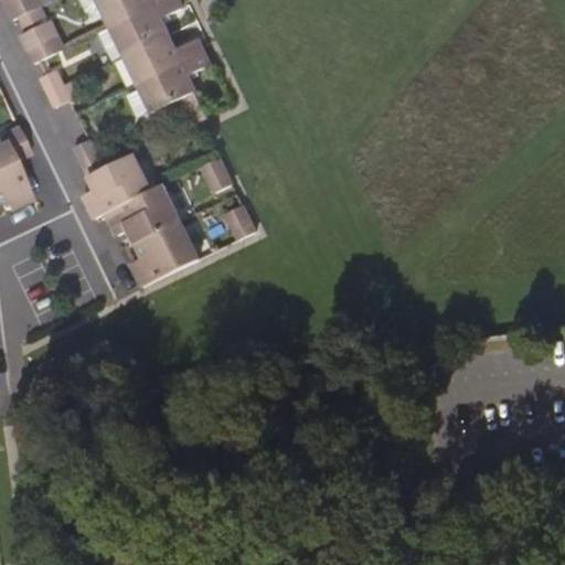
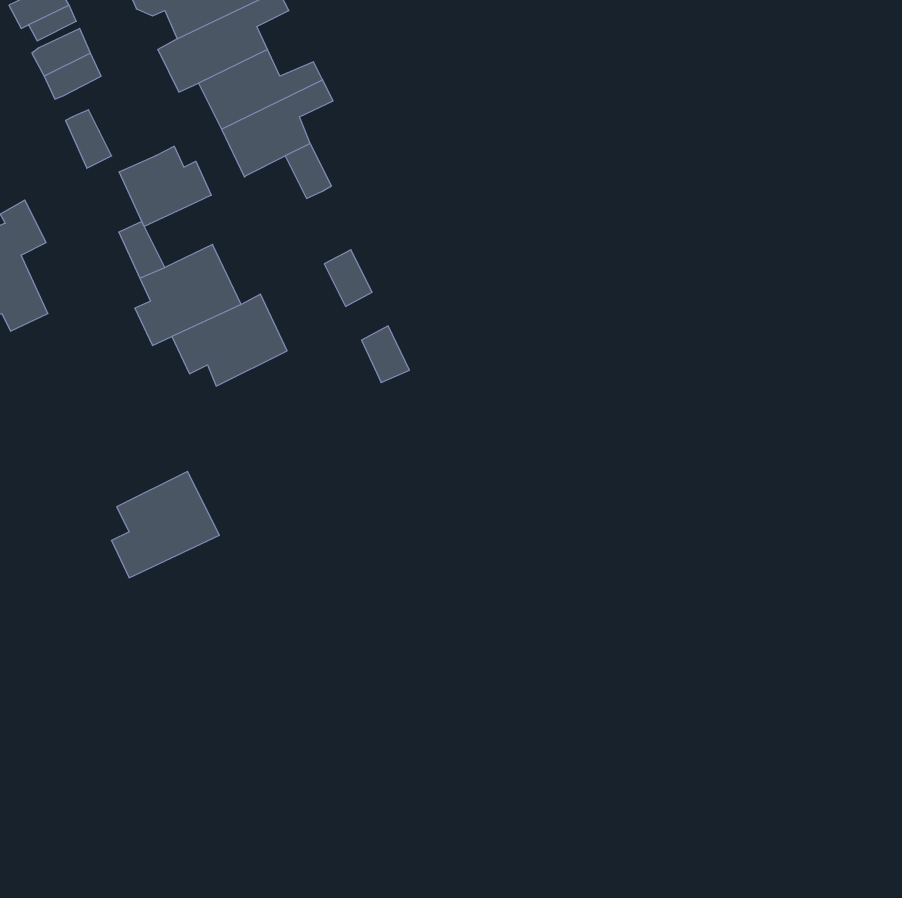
building: none -> [119,146,211,226]
building: [131,218,199,285] -> [111,471,219,578]

